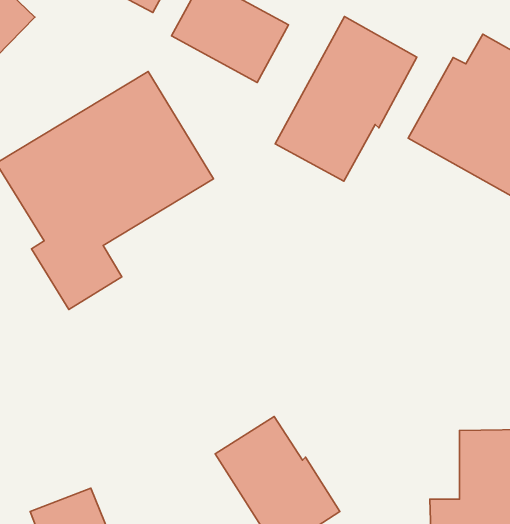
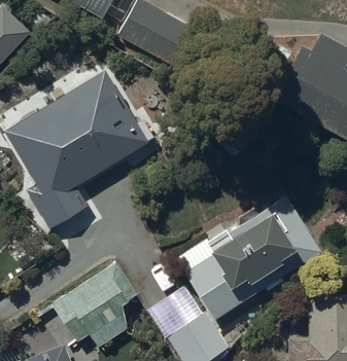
building: [275,17,417,181] -> none
building: none -> [181,201,322,320]
building: none -> [51,265,135,349]

